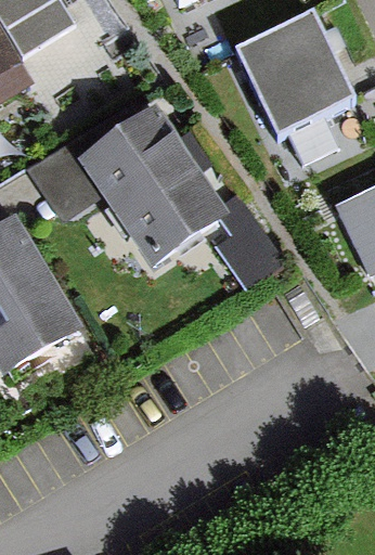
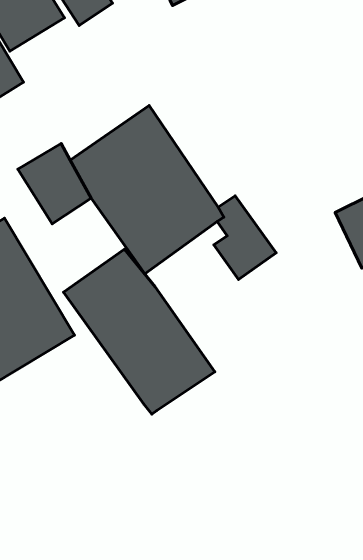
building: [232,11,357,139] -> none
building: none -> [64,249,215,414]

